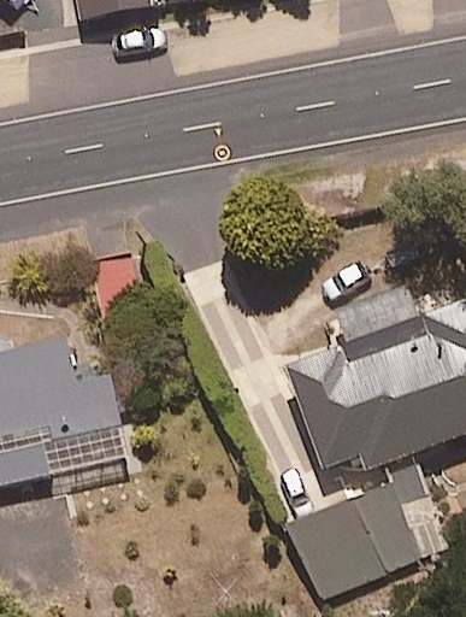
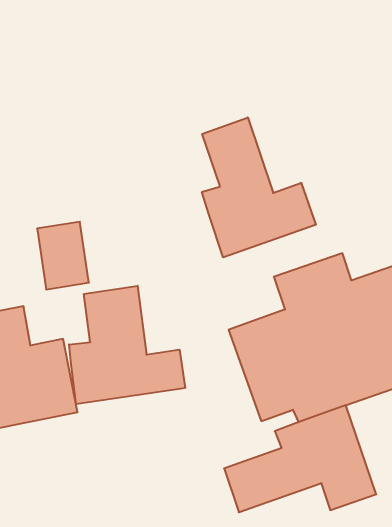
building: none -> [202,117,316,257]
building: none -> [69,286,185,404]

